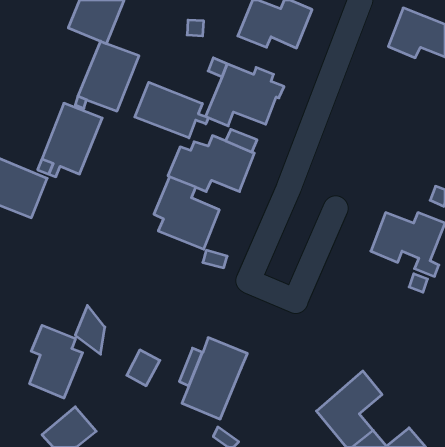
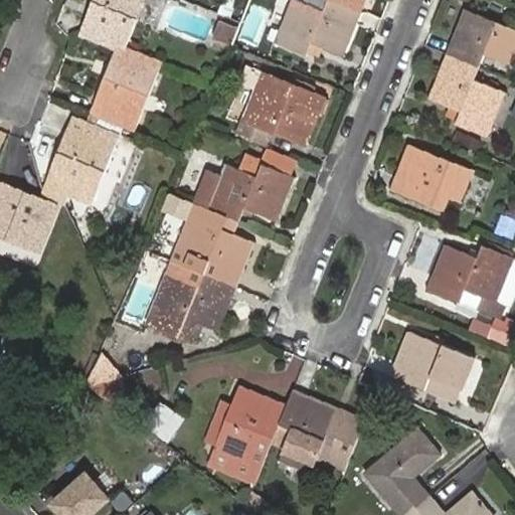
building: none -> [428,53,504,137]
building: [135,82,208,138] -> none
building: none -> [390,144,471,211]
building: none -> [146,266,234,340]
building: none -> [389,330,473,389]
building: [30,325,83,398] -> none
building: none -> [278,391,363,472]

